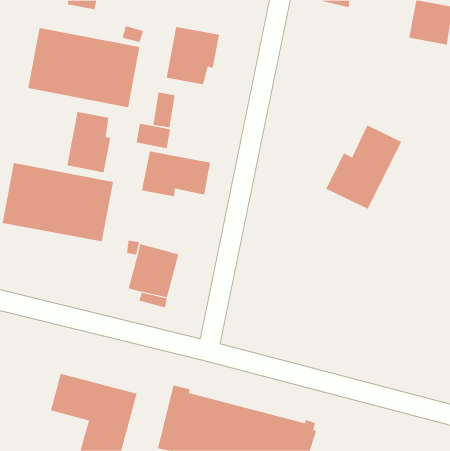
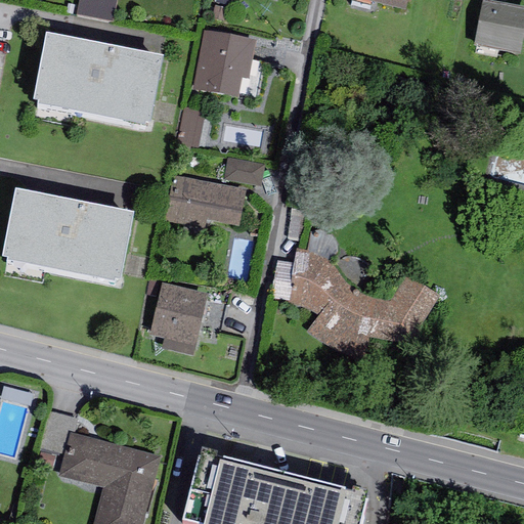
building: [67,111,111,173] -> none
building: [136,123,171,149] -> [224,158,265,187]
building: [326,124,402,209] -> none
building: none -> [270,249,440,364]

